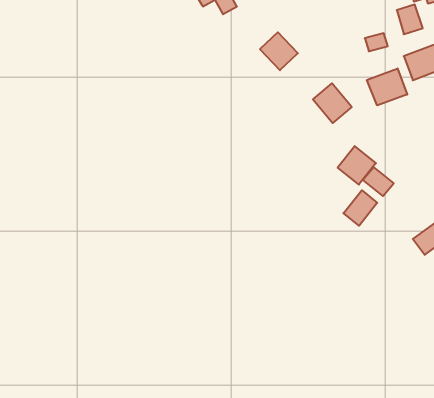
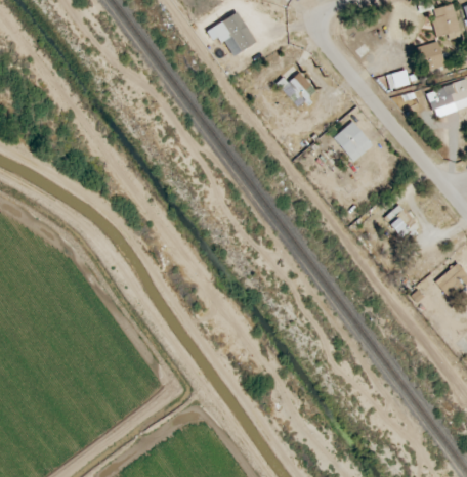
building: [367,68,407,105] -> none
building: [338,146,376,185] -> none
building: [343,190,377,226] -> none

